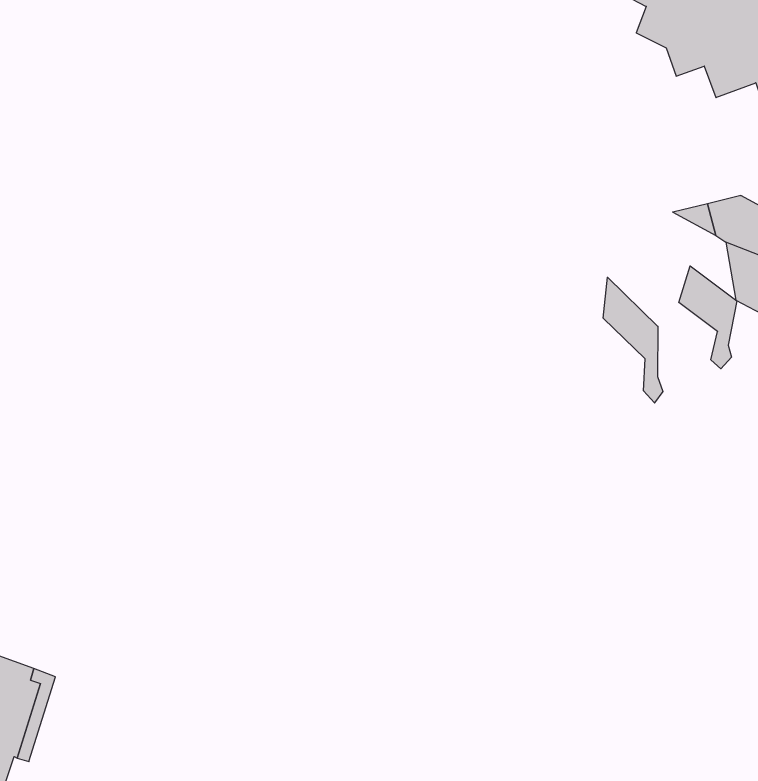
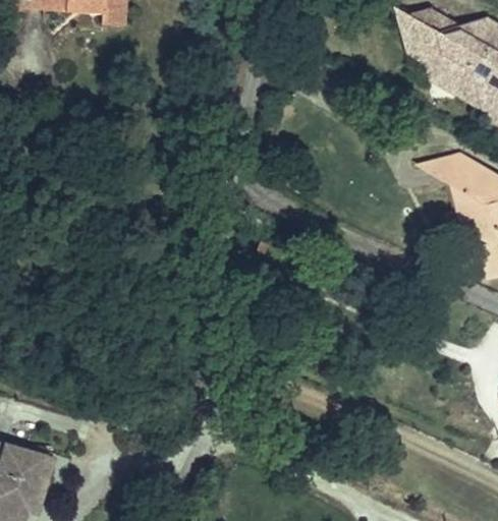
building: [679,266,737,369] -> none
building: [603,277,663,403] -> none

